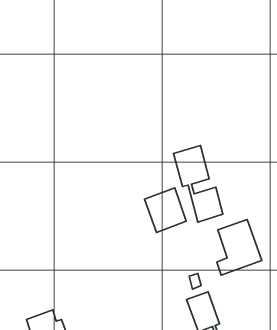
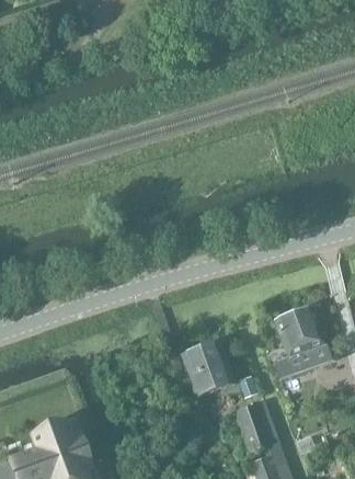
building: [173,145,223,222] -> none
building: [144,188,186,232] -> [182,340,234,396]

